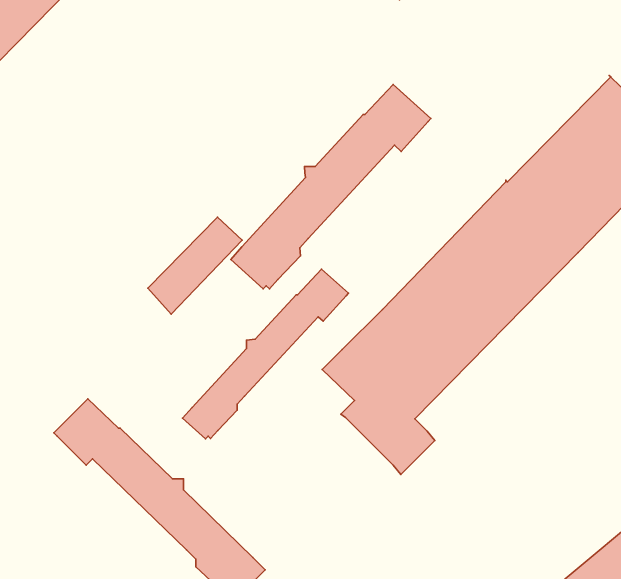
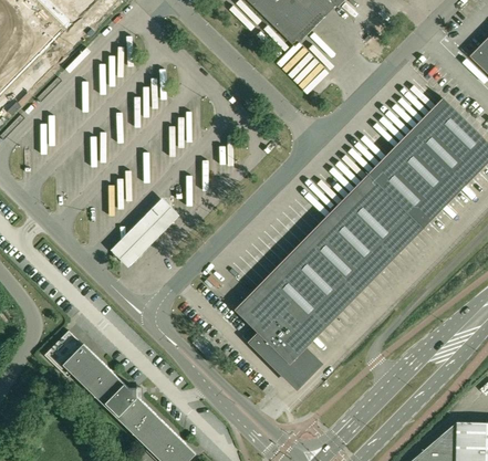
building: [231,84,431,289] -> none
building: [182,269,348,439] -> none

